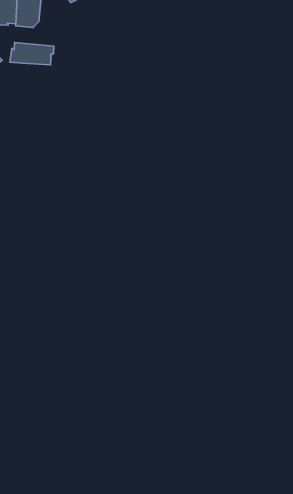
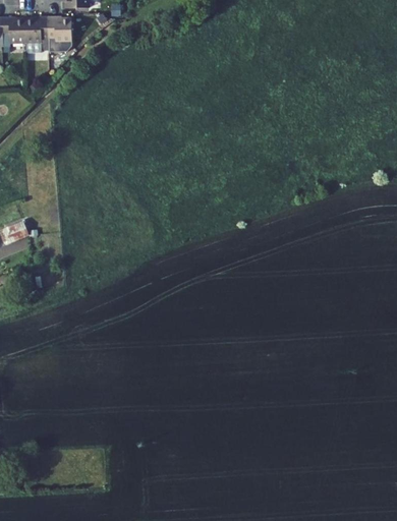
building: [10,43,54,65] -> none

